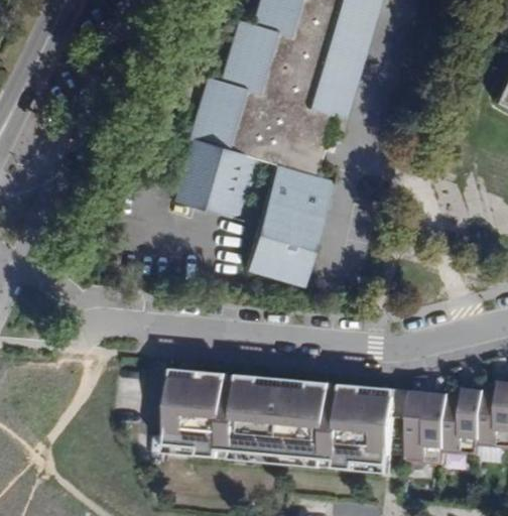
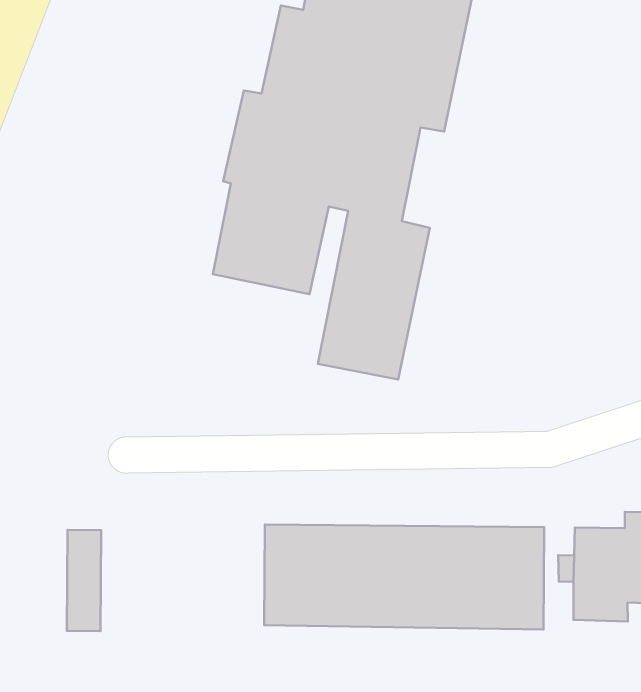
building: [171,374,201,445] -> [67,530,101,631]

